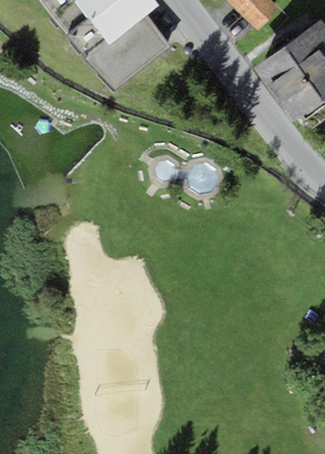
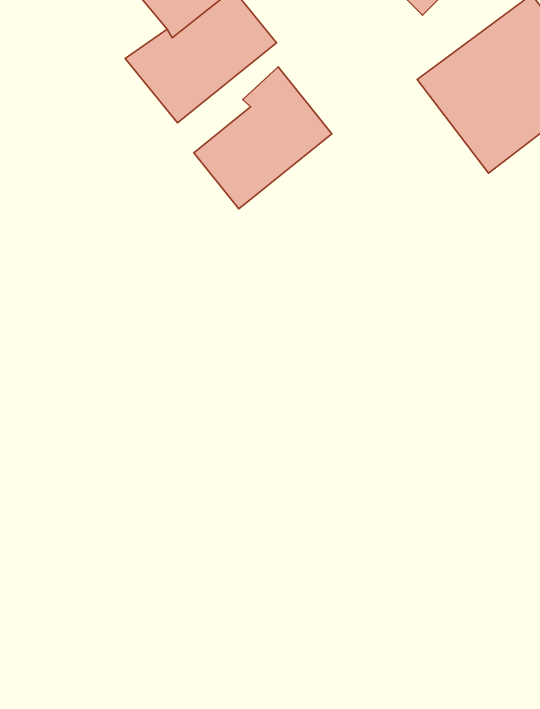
building: none -> [194,67,332,209]

